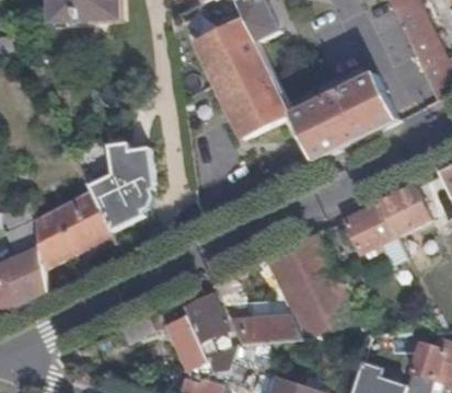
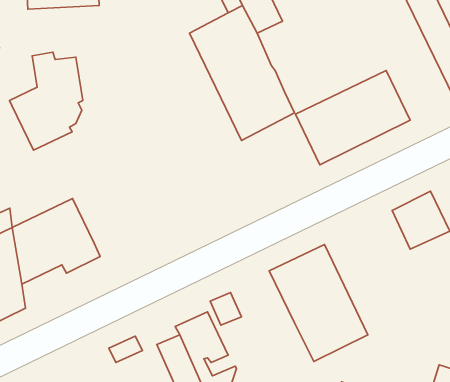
building: [86,141,153,230] -> [9,52,83,150]
building: [345,200,395,252] -> none
building: [225,302,308,344] -> none

